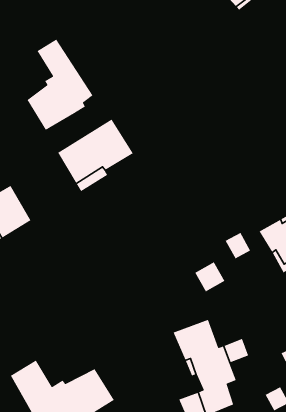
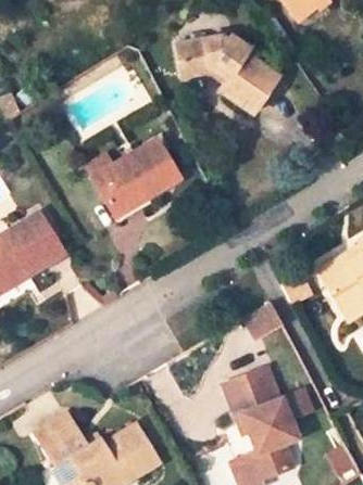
building: none -> [177,37,277,115]
building: [26,39,94,131] -> none

